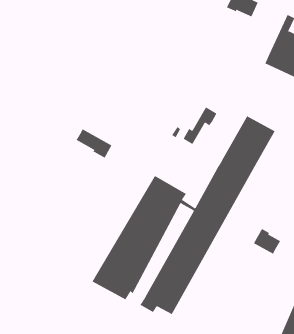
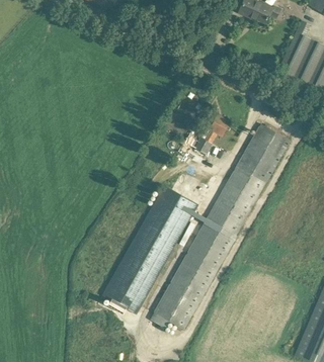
building: [76,129,112,158] -> none
building: [253,228,281,254] -> none

